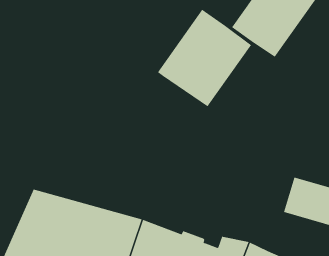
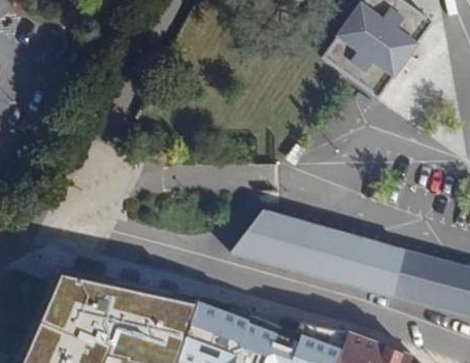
building: [157,9,252,107] -> none
building: none -> [230,209,402,295]

